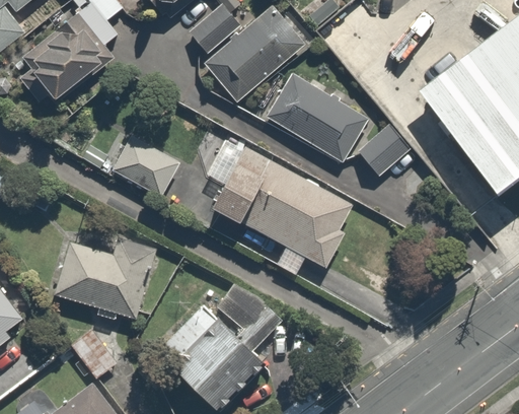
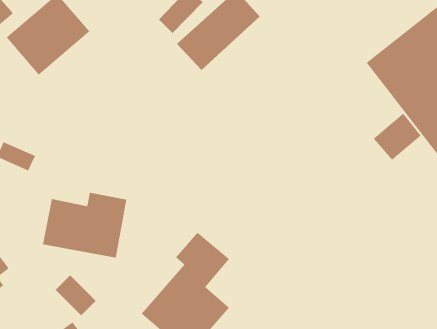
building: [267,72,361,155] -> none
building: [356,127,411,181] -> [373,113,422,161]
building: [103,135,179,205] -> none
building: [209,146,344,271] -> none

